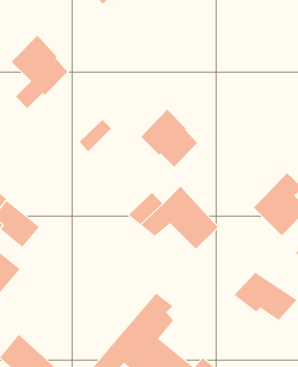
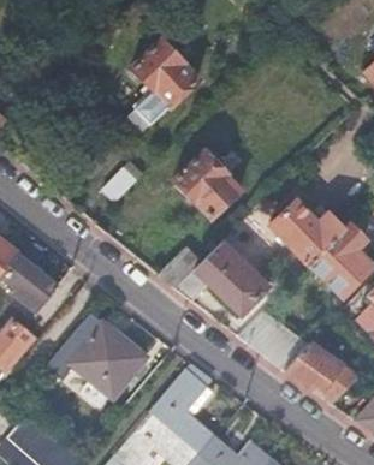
building: [11,35,68,109] -> [131,37,198,124]
building: none -> [272,202,340,264]
building: none -> [238,311,309,368]
building: none -> [47,314,146,399]

